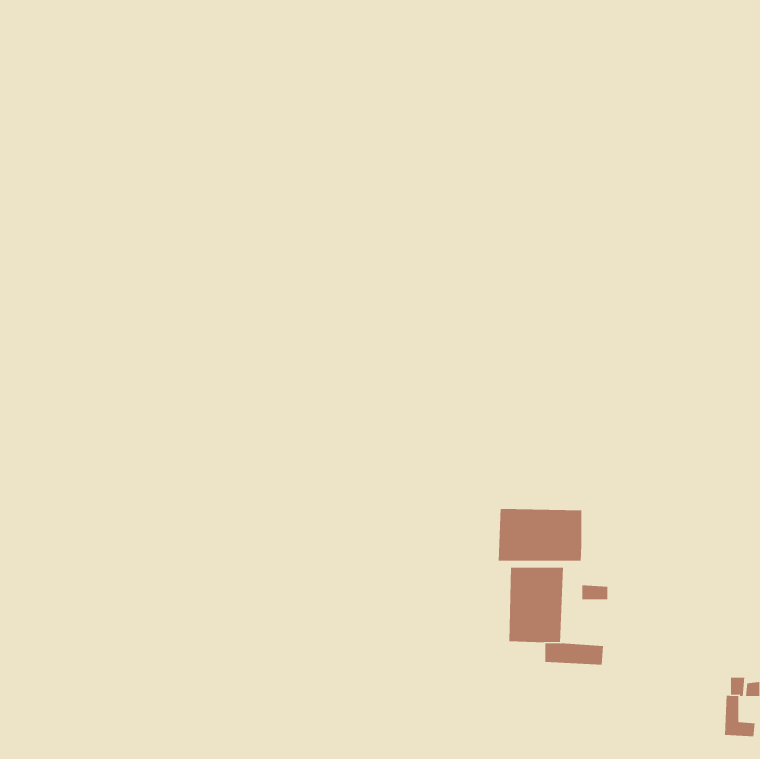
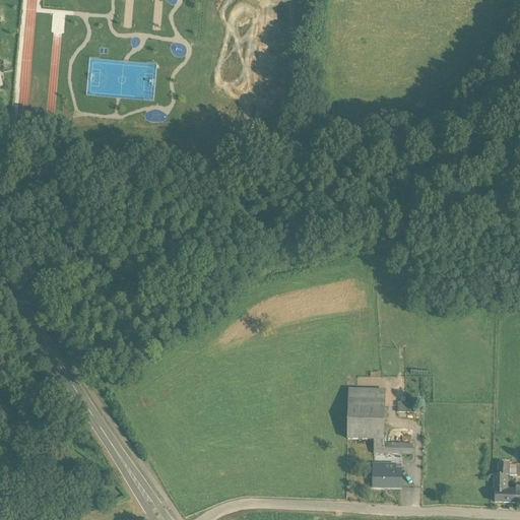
building: [498,508,582,561] -> none
building: none -> [373,462,401,485]

